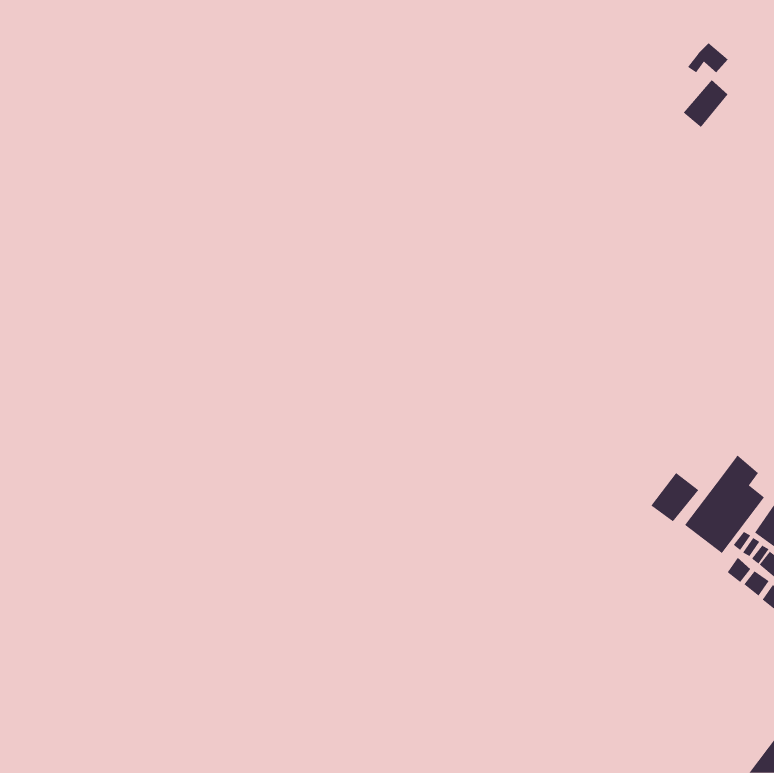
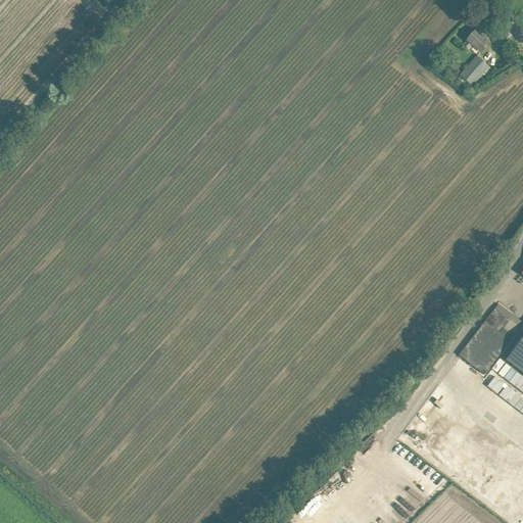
building: [651,472,699,522] -> none

